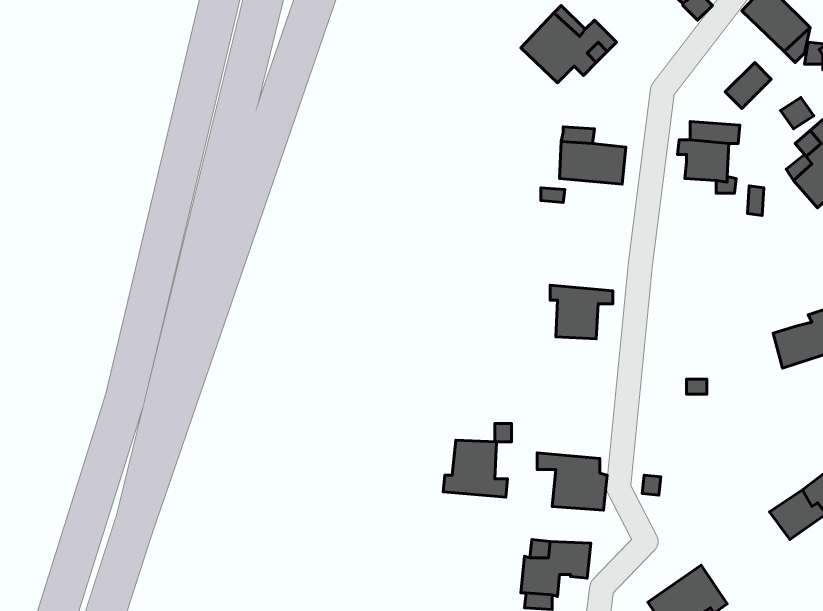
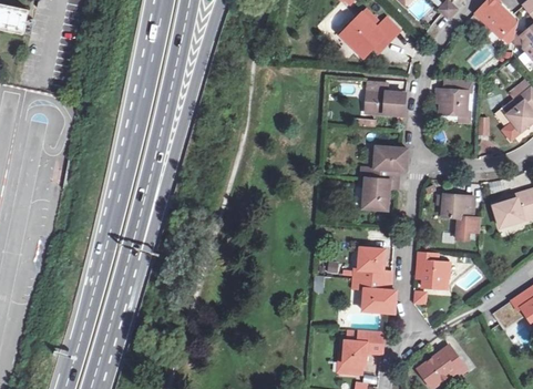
building: none -> [360,146,408,181]
building: none -> [442,194,481,240]
building: none -> [418,252,450,288]
building: [443,440,508,497] -> [352,247,391,281]

